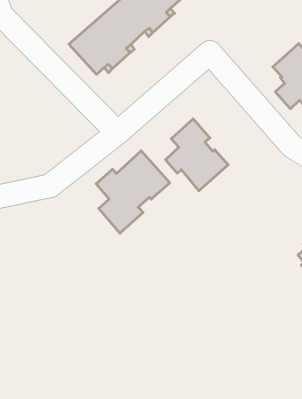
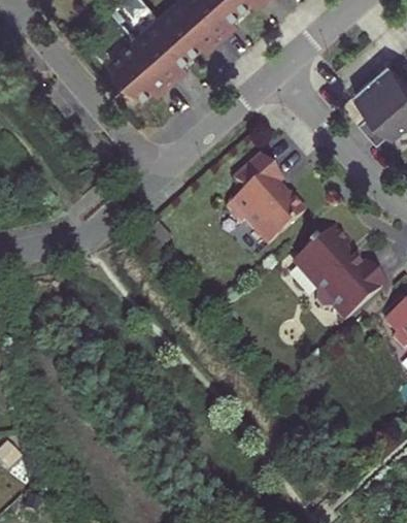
building: [96,151,170,233] -> none
building: none -> [297,223,386,318]

